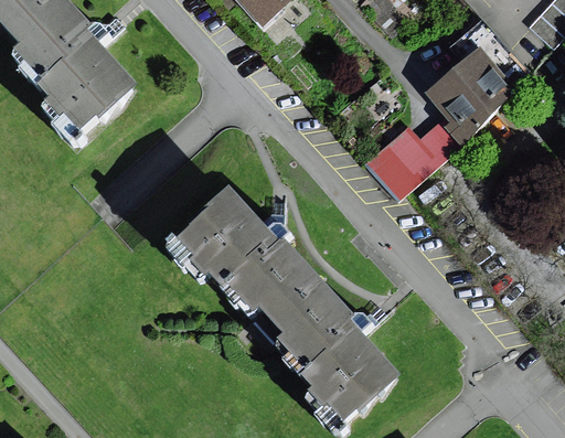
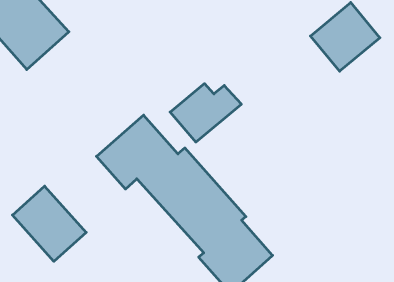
building: [380,118,471,193] -> [170,84,241,142]
building: none -> [12,186,86,261]

